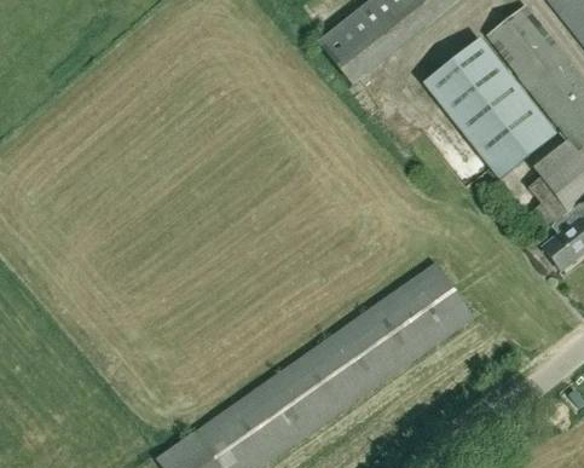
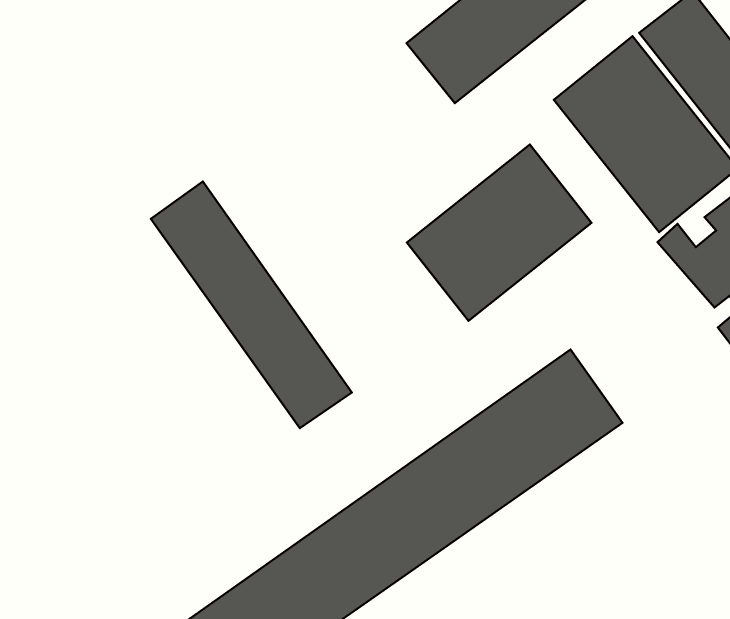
building: none -> [407,144,592,321]
building: none -> [151,181,352,428]

